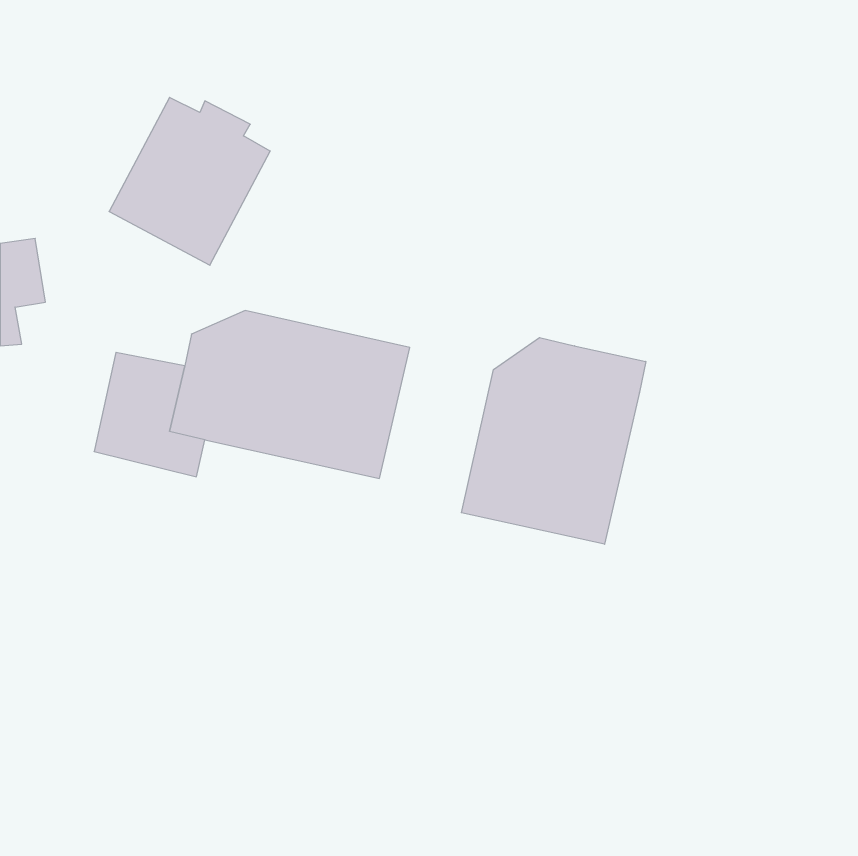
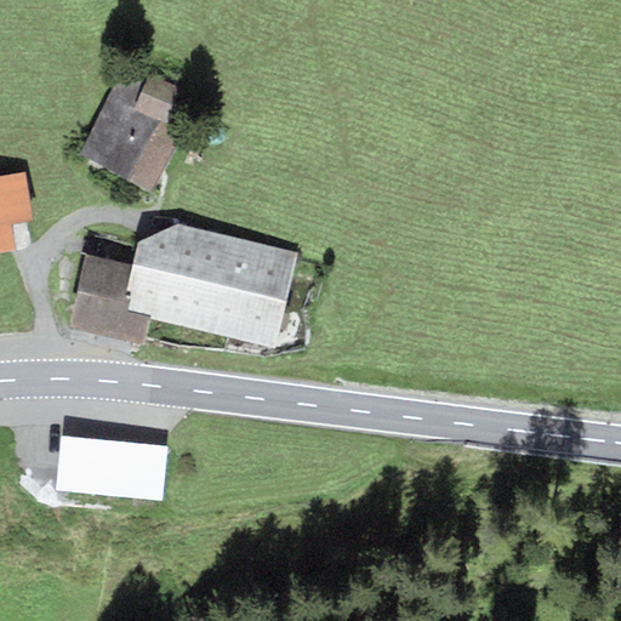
building: [461,338,646,544] -> none
building: none -> [55,434,169,500]

